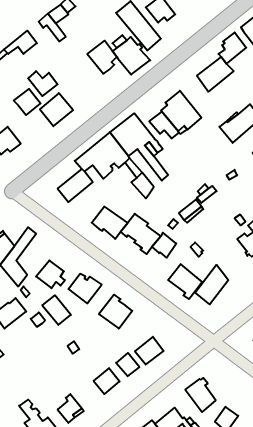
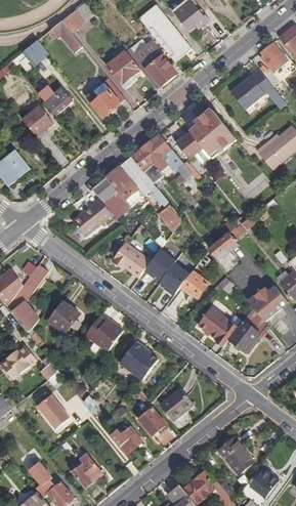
building: [40,93,73,126] -> [86,80,124,118]
building: none -> [247,286,288,321]
building: [42,295,71,325] -> [36,395,69,429]

